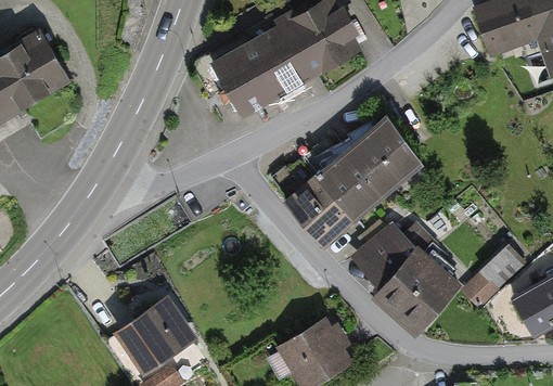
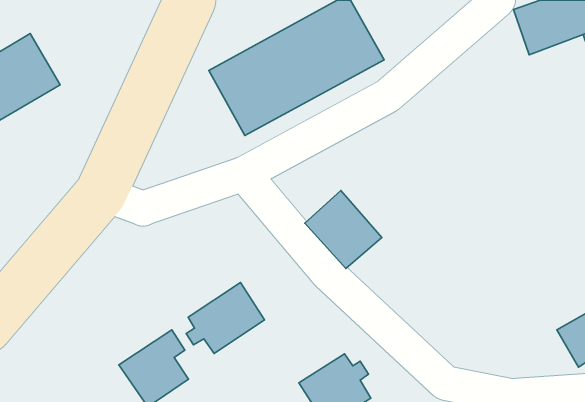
building: [318,117,422,216] -> none
building: [359,226,459,332] -> none
building: [466,249,522,305] -> none
building: none -> [186,283,265,354]

